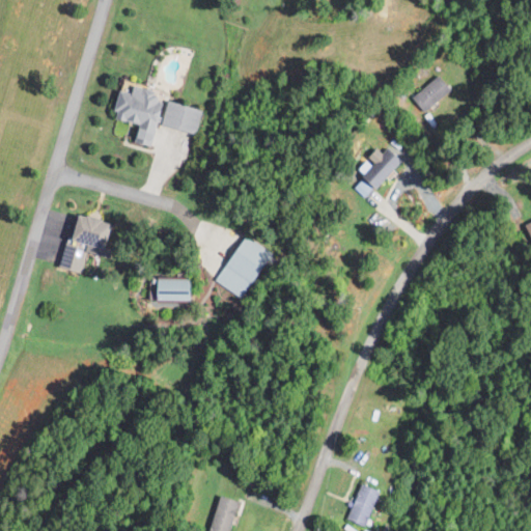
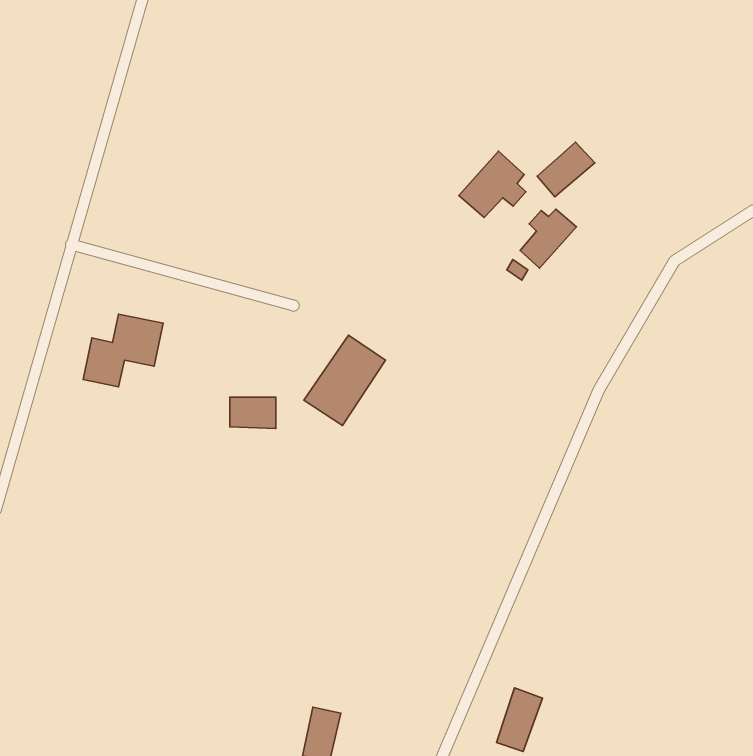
building: [413,75,453,113] -> [537,142,595,197]
building: [115,86,201,146] -> none
building: none -> [459,151,526,217]

